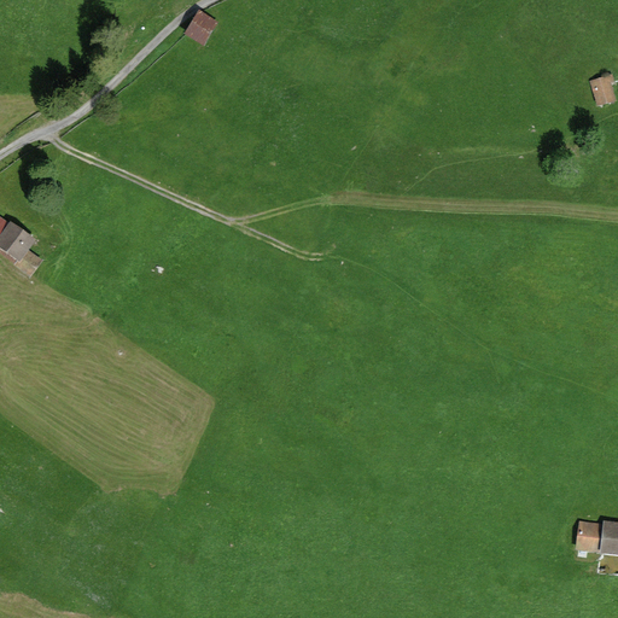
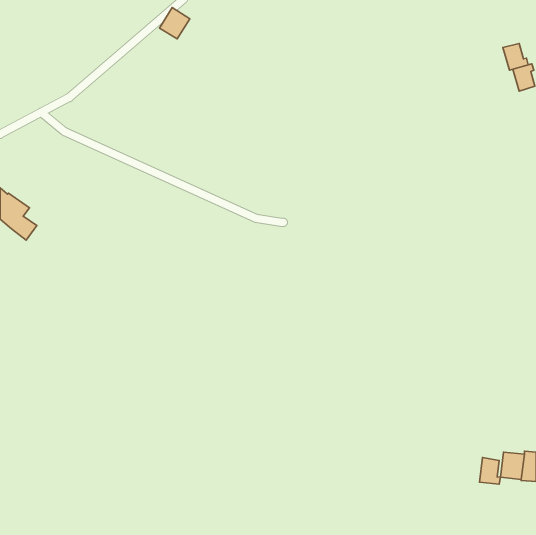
building: none -> [503,44,528,70]
building: none -> [480,458,500,484]

